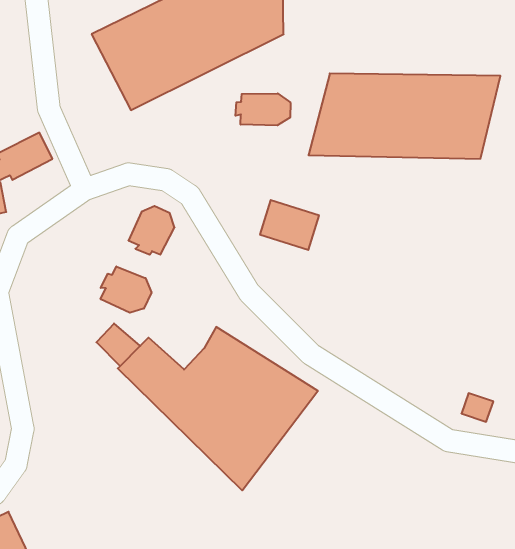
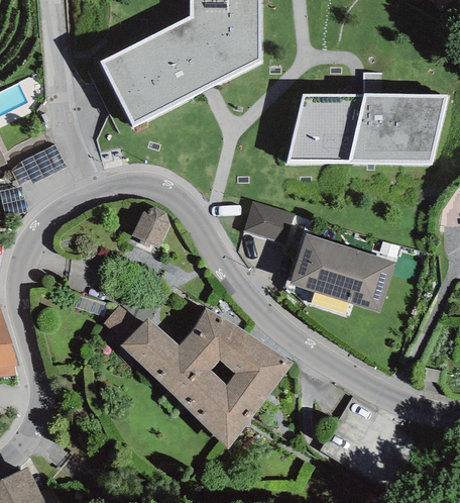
building: [235,93,290,125] -> none
building: none -> [290,233,395,312]
building: [101,266,151,313] -> none

